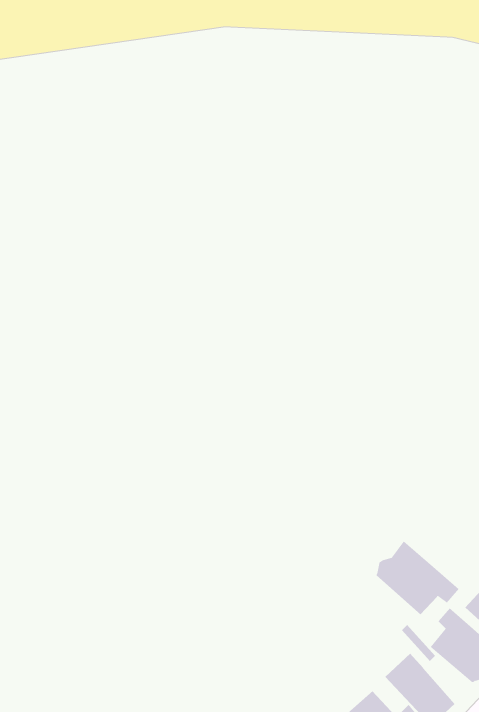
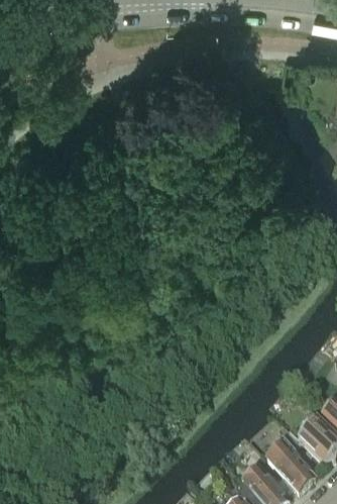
building: [376,541,460,615] -> none

